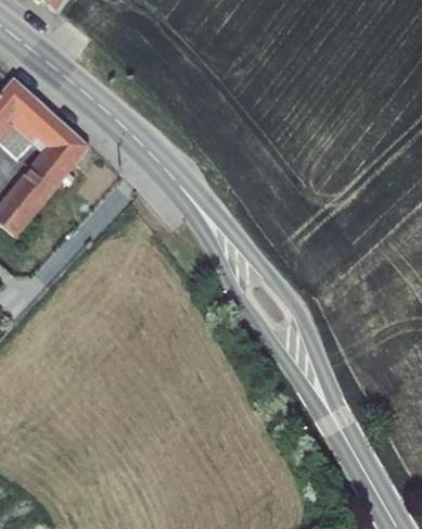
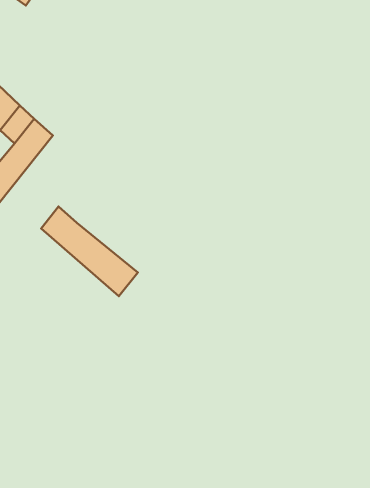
building: none -> [41,207,138,296]

